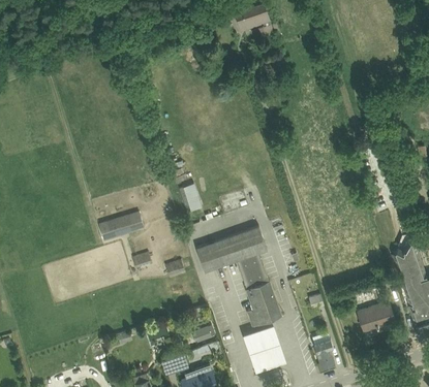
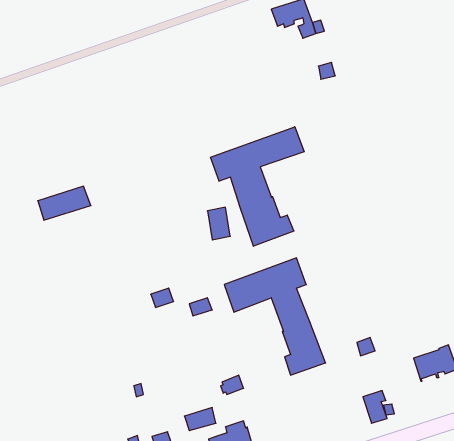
building: none -> [210,127,304,246]
building: [99,212,145,240] -> [38,186,91,220]
building: [242,324,285,370] -> none

